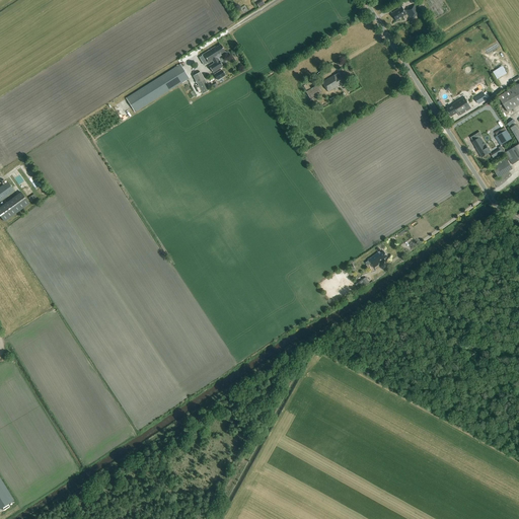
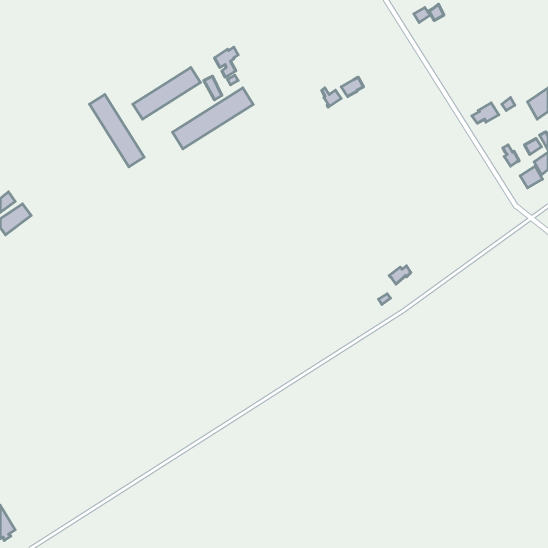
building: none -> [173,88,253,149]
building: none -> [89,95,144,167]

